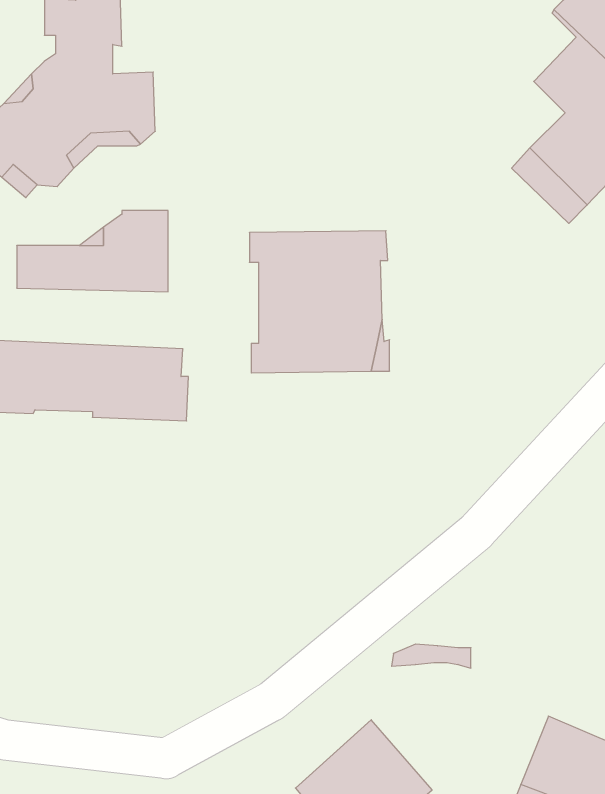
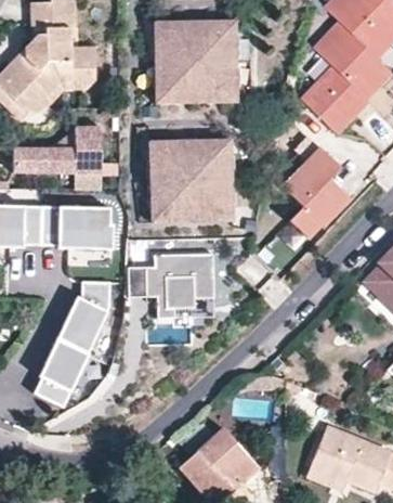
building: none -> [154,17,237,102]
building: none -> [286,151,351,240]
building: none -> [130,253,215,318]
building: none -> [34,281,110,407]

